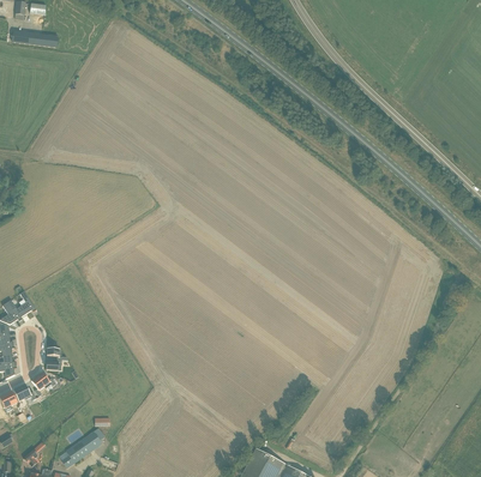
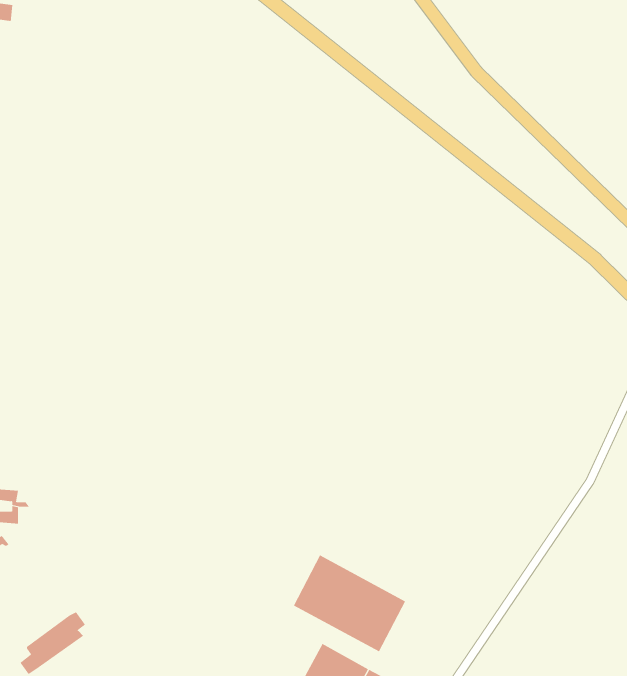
building: none -> [293,555,406,652]

